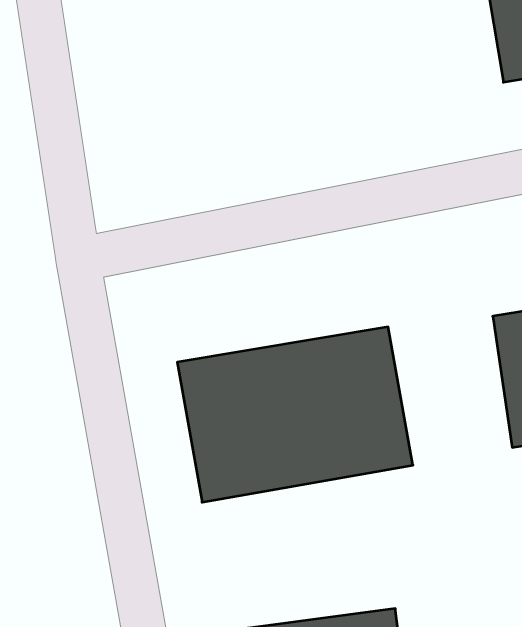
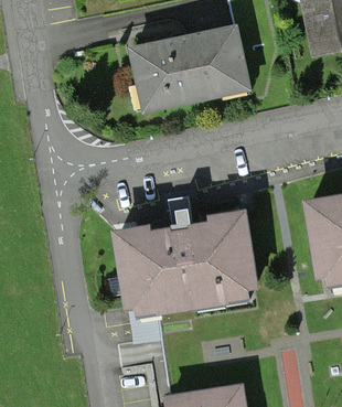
building: none -> [127,31,246,109]

